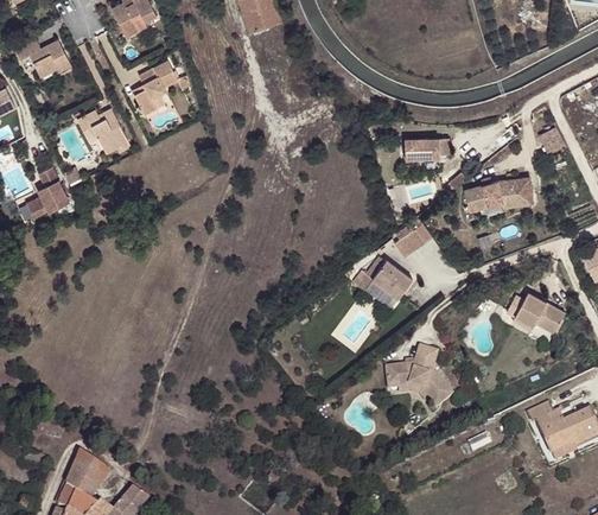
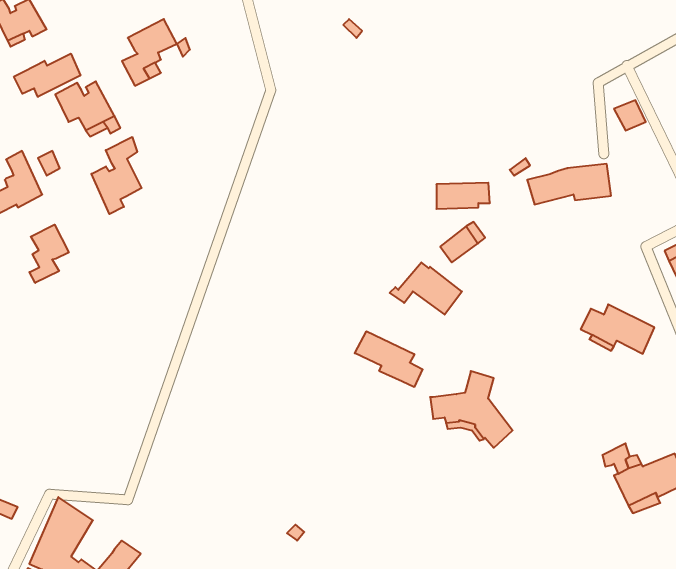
building: none -> [14,54,80,97]
building: [407,138,451,159] -> [436,183,490,209]
building: none -> [91,137,142,214]
building: none -> [29,225,69,283]
building: none -> [355,331,423,387]

